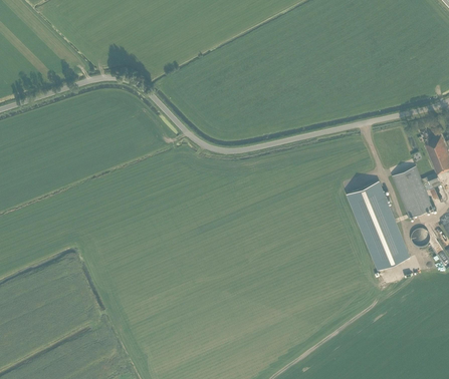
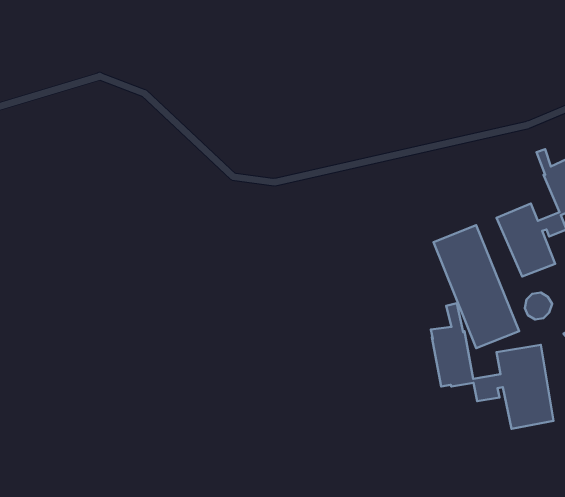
building: none -> [431,303,553,429]

